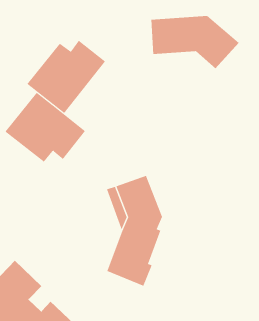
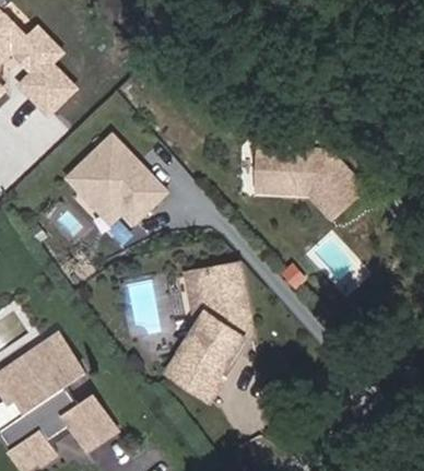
building: [151,15,239,69] -> [248,144,357,216]
building: [27,40,106,114] -> none

